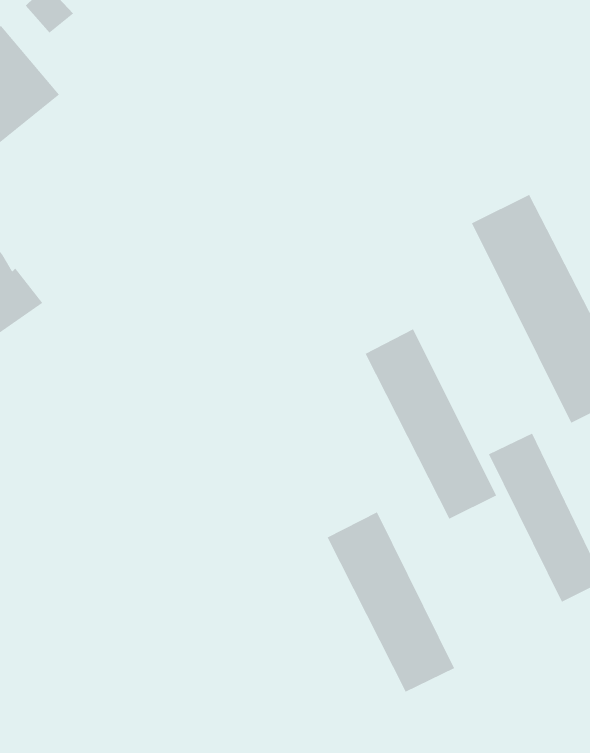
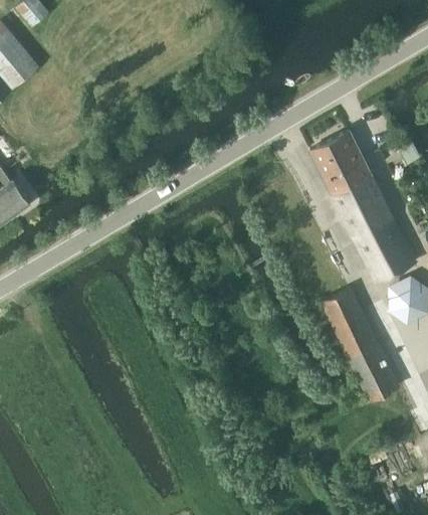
building: [365,329,497,520] -> none
building: [327,512,455,693] -> none

